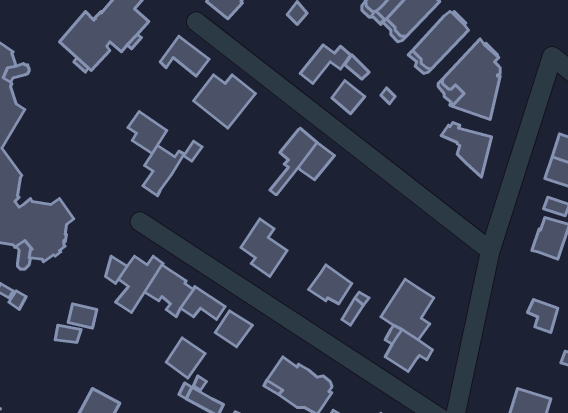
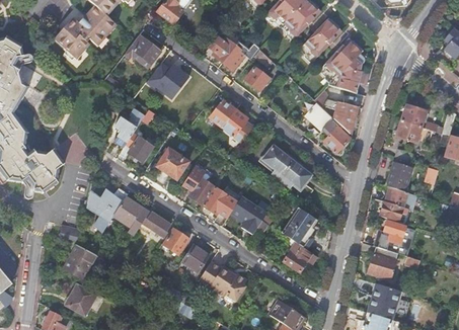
building: none -> [208,34,239,61]
building: [128,112,167,153] -> [125,132,152,161]
building: none -> [307,102,350,152]
building: none -> [261,145,310,187]
building: none -> [156,147,187,178]
building: none -> [202,185,237,217]
building: none -> [380,186,407,220]
building: none -> [64,243,95,277]
building: none -> [368,245,397,278]
building: [166,338,205,378] -> [181,243,209,271]

